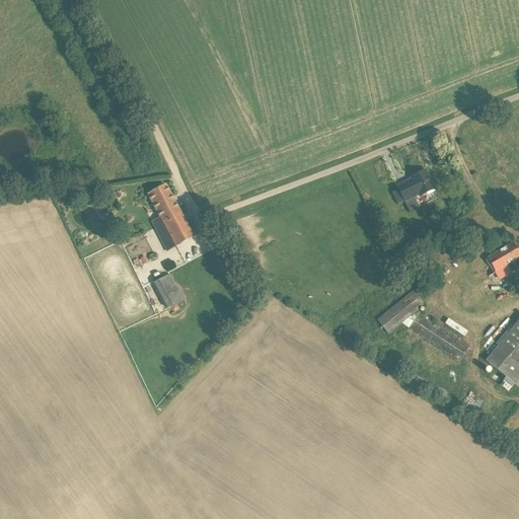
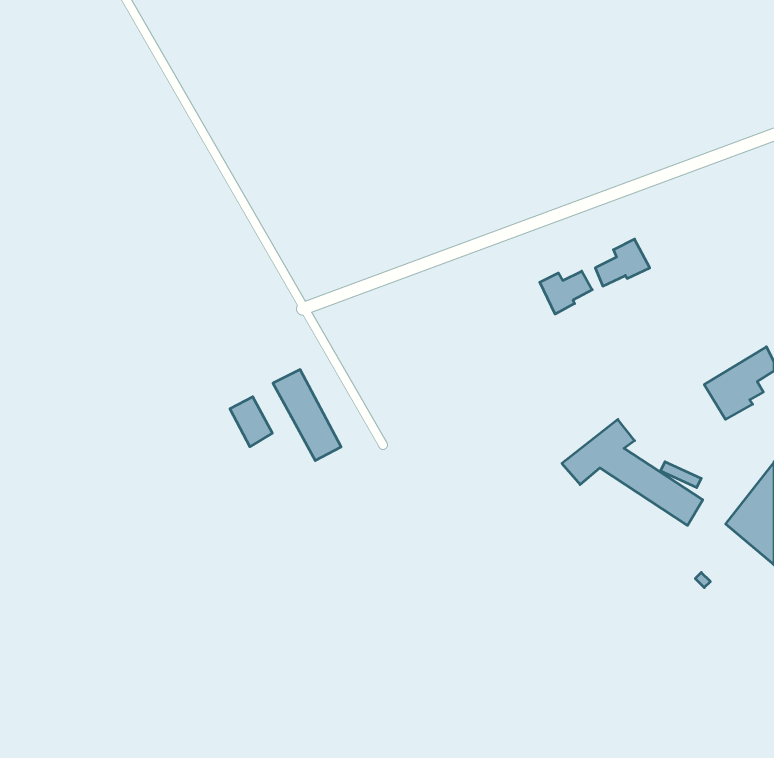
building: [148,183,194,244] -> [273,370,341,461]
building: none -> [540,271,592,314]

